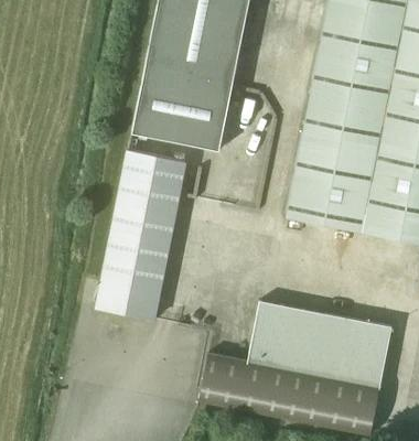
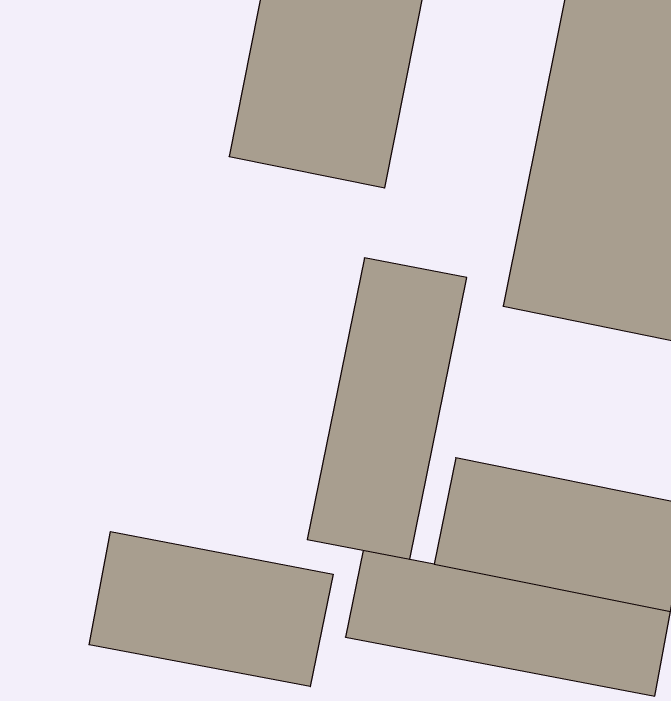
building: [96,150,185,319] -> [307,258,467,559]
building: none -> [89,532,333,687]

